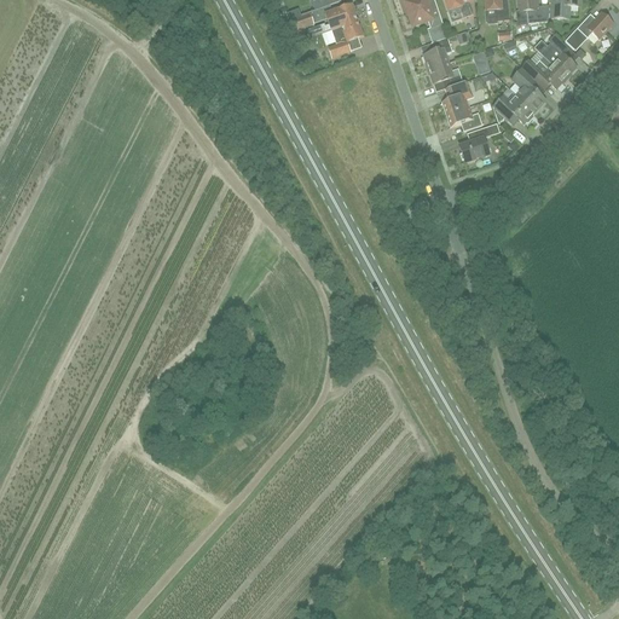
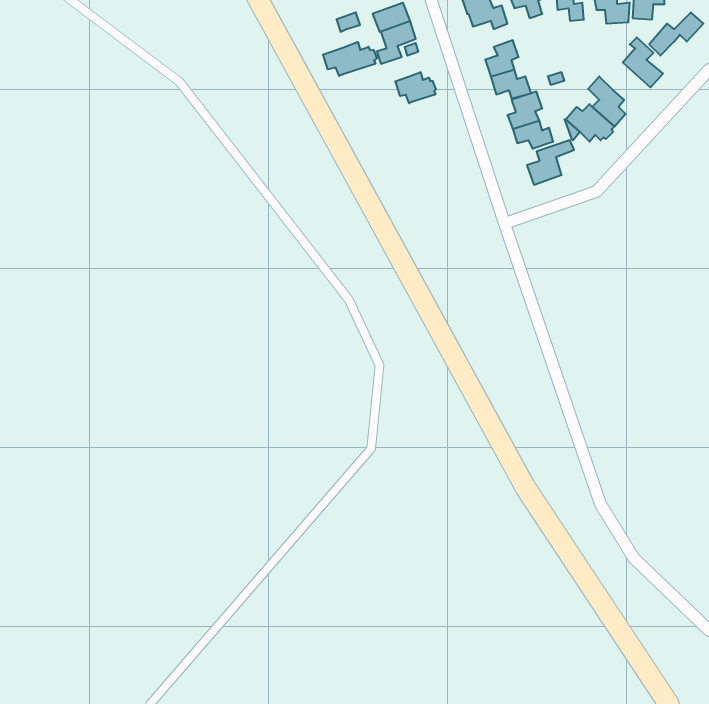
building: none -> [323,42,377,76]
building: [521,54,566,87] -> none
building: none -> [395,72,436,103]

